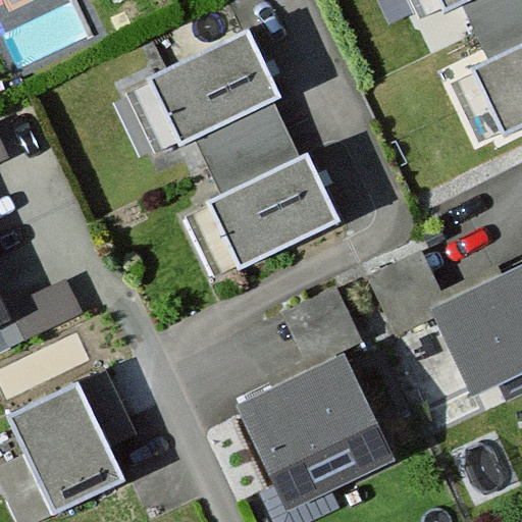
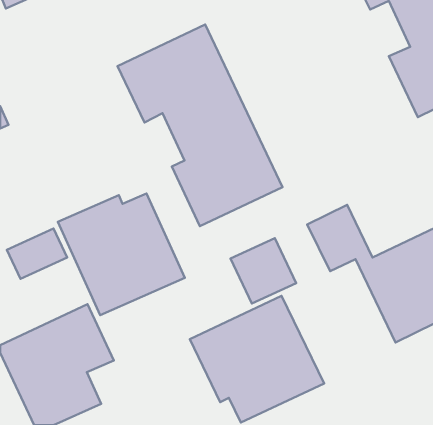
building: none -> [58,193,185,315]

